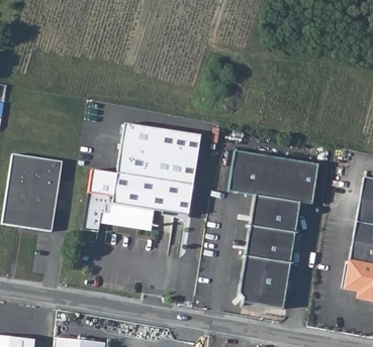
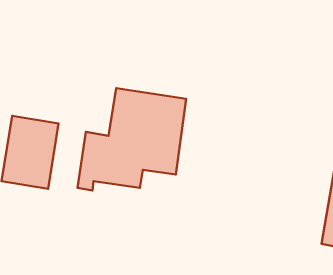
building: [227,150,317,307] -> none

